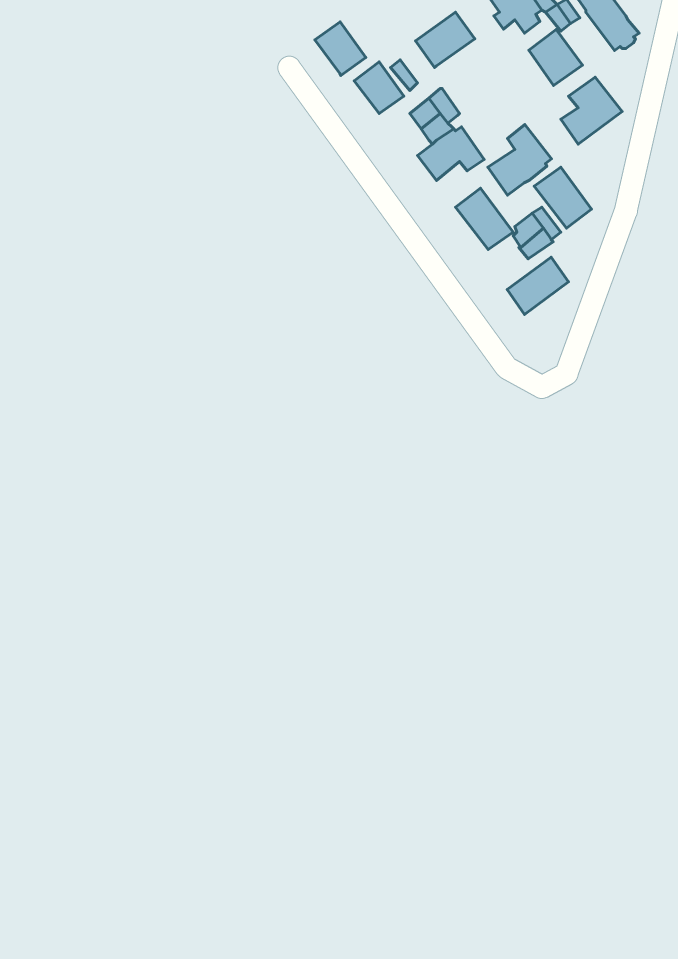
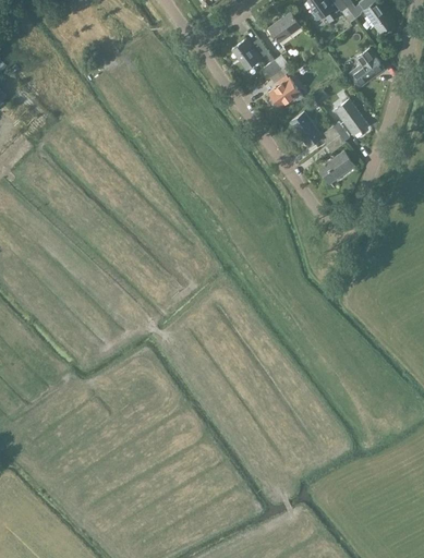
building: [315,22,366,76] -> none
building: [529,29,582,85] -> none
building: [488,124,551,195] -> none

